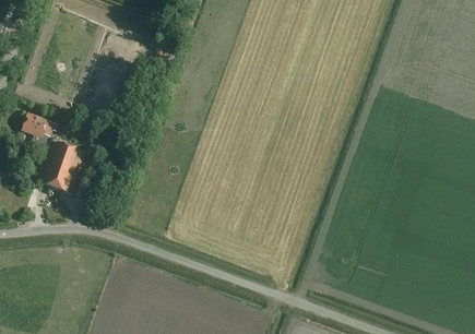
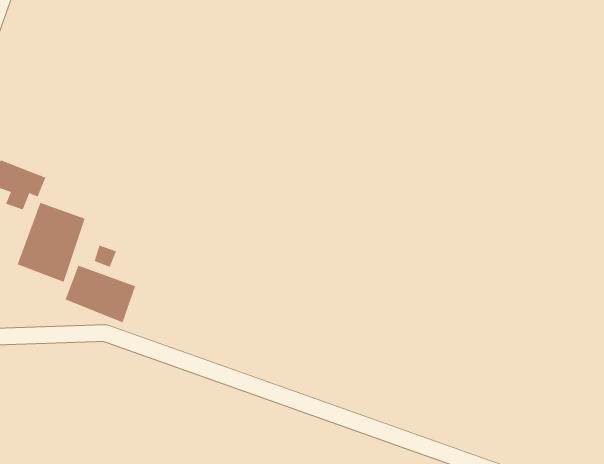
building: none -> [65,265,136,323]

